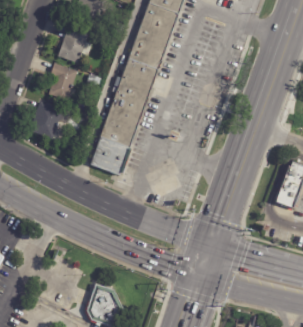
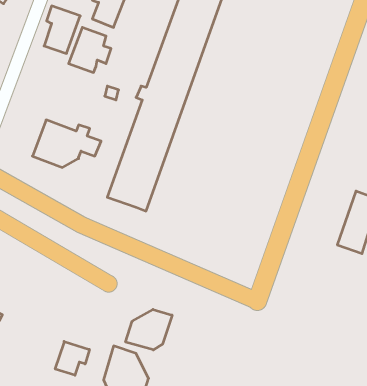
building: [49,63,78,101] -> [44,6,80,53]
building: none -> [126,309,172,350]
building: none -> [55,341,89,375]

